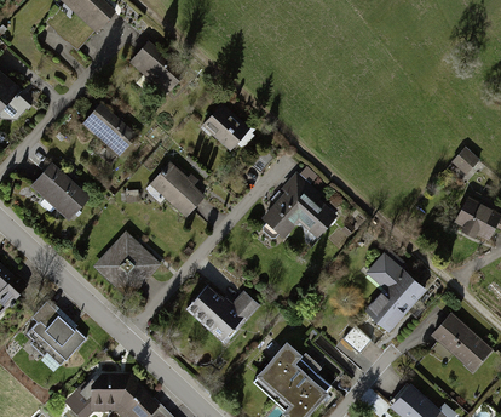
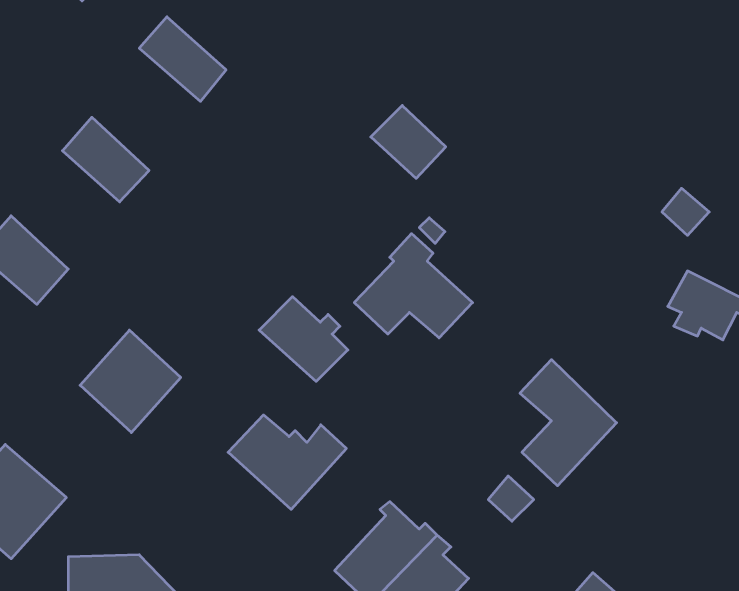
building: [203,104,249,149] -> [371,105,446,178]
building: [149,162,203,215] -> [259,297,348,381]
building: [432,313,493,372] -> none

